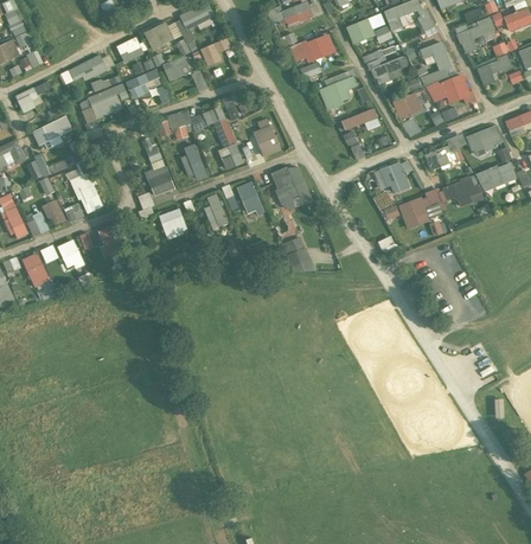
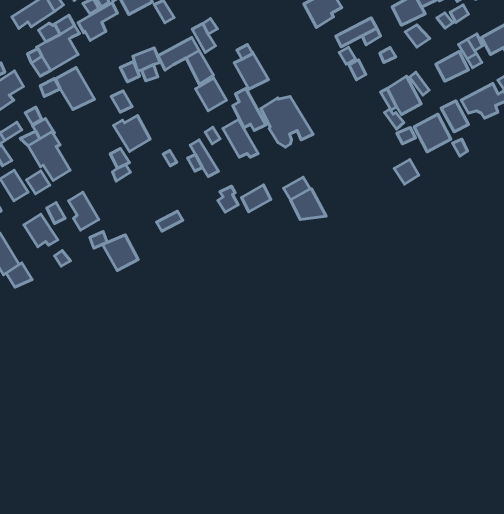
building: none -> [56,67,95,109]
building: [181,143,207,180] -> [233,88,266,131]
building: [159,209,187,238] -> [103,235,138,271]

